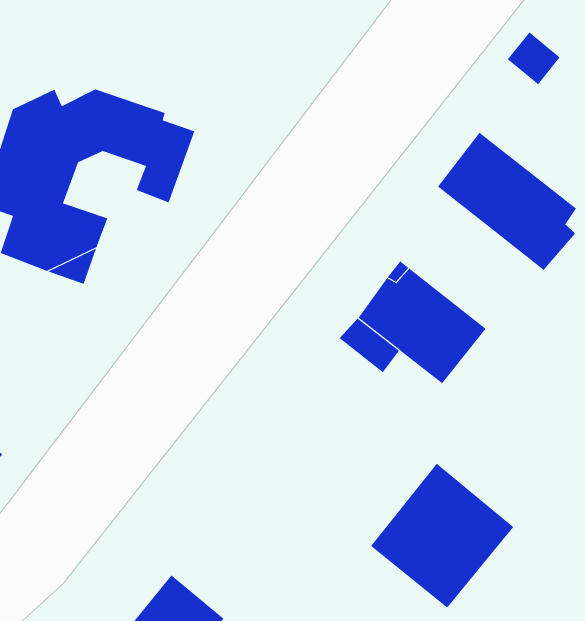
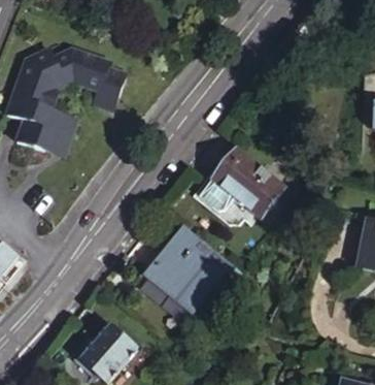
building: [437,132,577,271] -> none
building: [370,463,514,609] -> [149,228,230,310]

